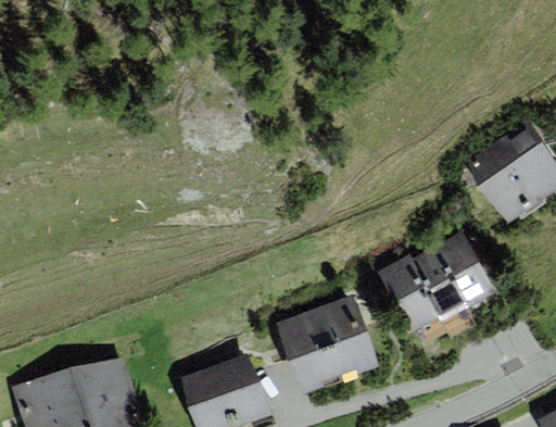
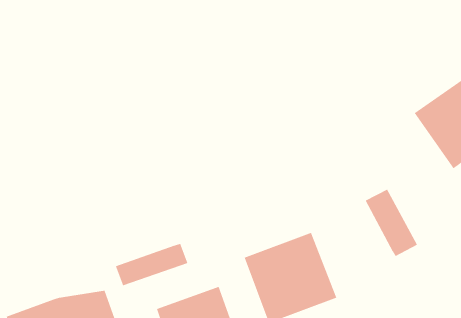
building: [435,233,495,309] -> none
building: [379,255,441,332] -> none
building: none -> [115,243,188,286]

